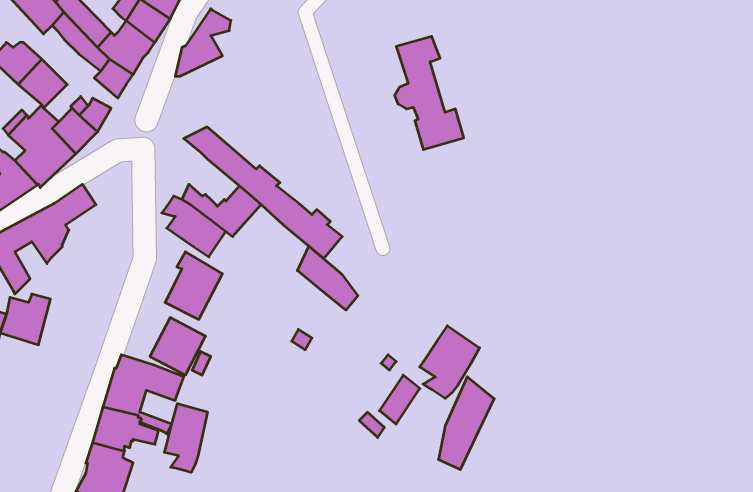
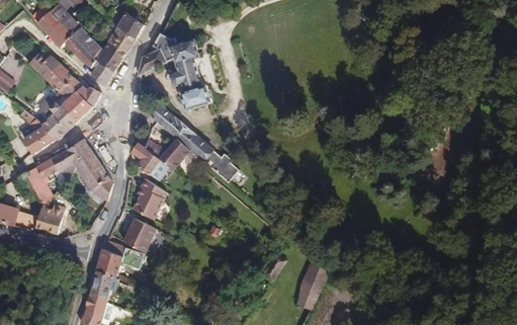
building: [395,36,464,150] -> [170,42,211,109]
building: none -> [73,150,113,201]
building: [297,246,358,310] -> none
building: [420,326,480,398] -> none
building: [164,404,207,472] -> none

